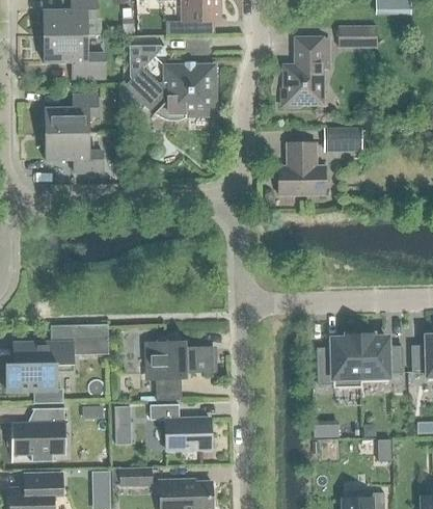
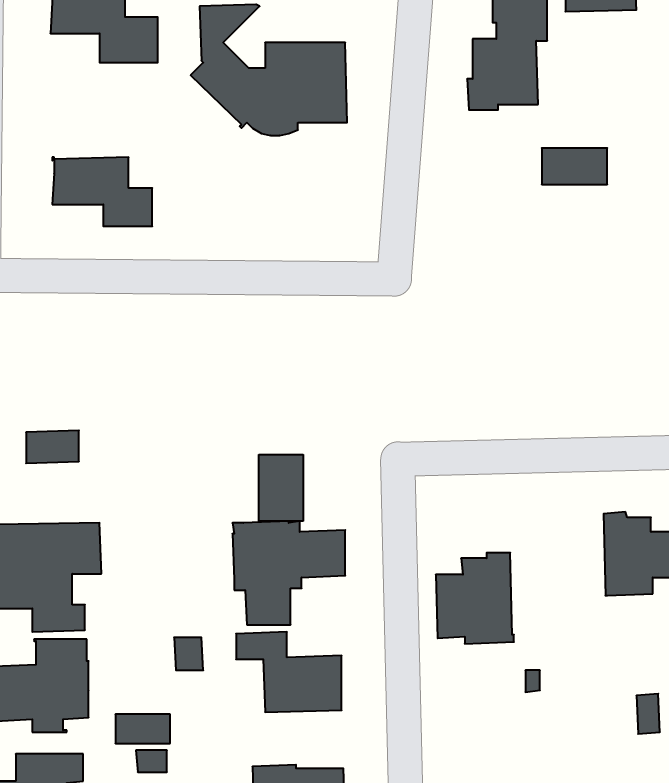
building: [44,93,98,133] -> none
building: [278,141,324,194] -> none
building: none -> [259,455,303,521]
building: [78,323,108,342] -> [26,430,79,463]
building: [317,336,361,387] -> [436,553,514,644]
building: [119,467,151,484] -> [115,714,170,743]

